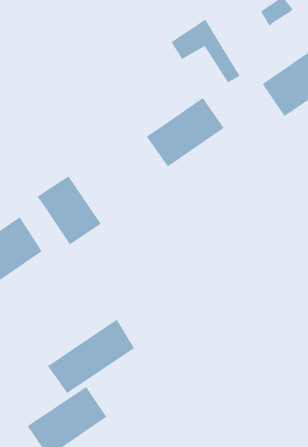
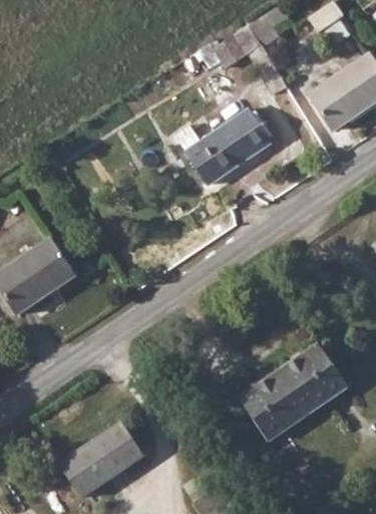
building: [37,175,101,245] -> none
building: none -> [240,342,348,439]
building: [47,319,135,394] -> none

